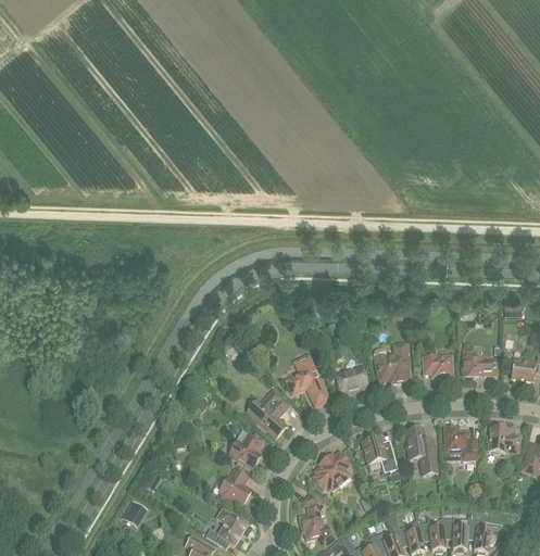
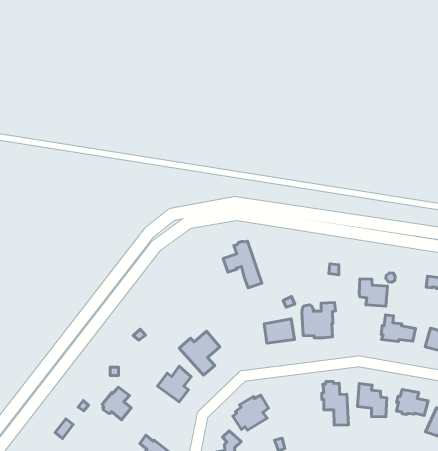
building: [422,349,453,377] -> [359,279,387,306]
building: [286,357,330,407] -> [223,241,262,288]
building: [362,435,395,471] -> none
building: [219,469,251,504] -> [102,387,131,420]

